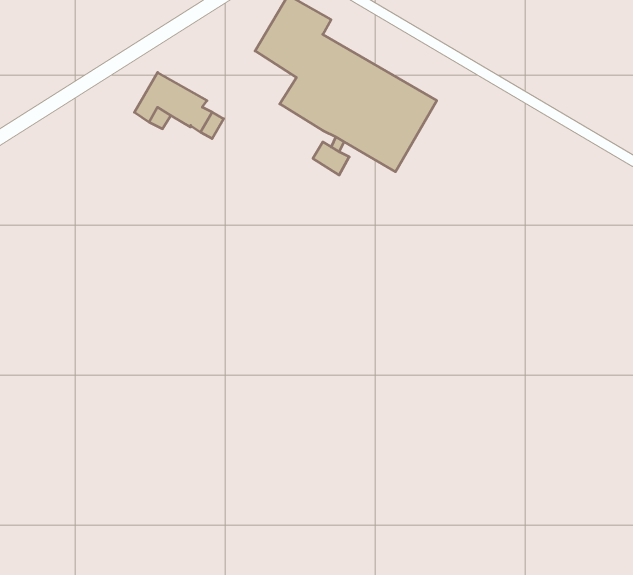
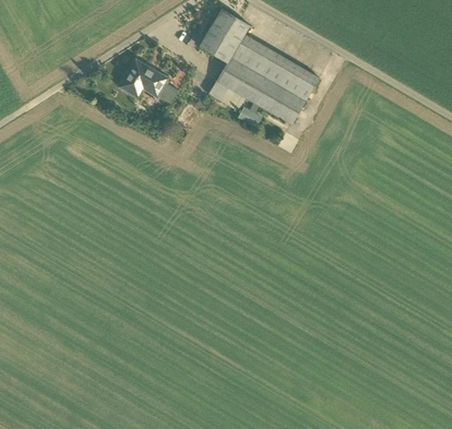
building: none -> [206,80,243,112]

